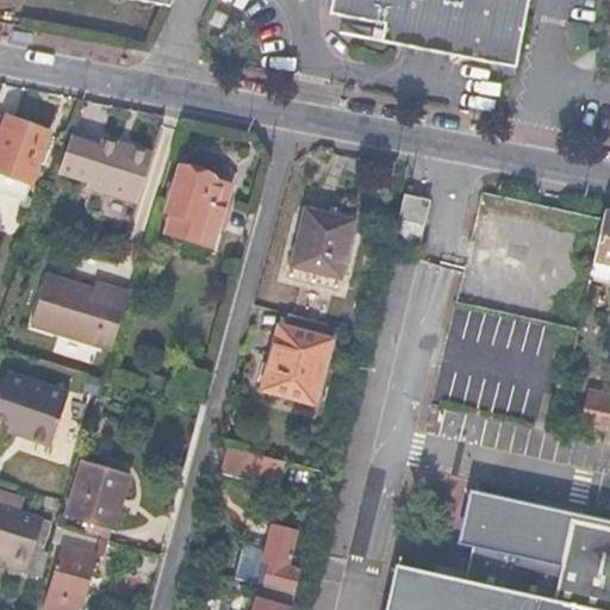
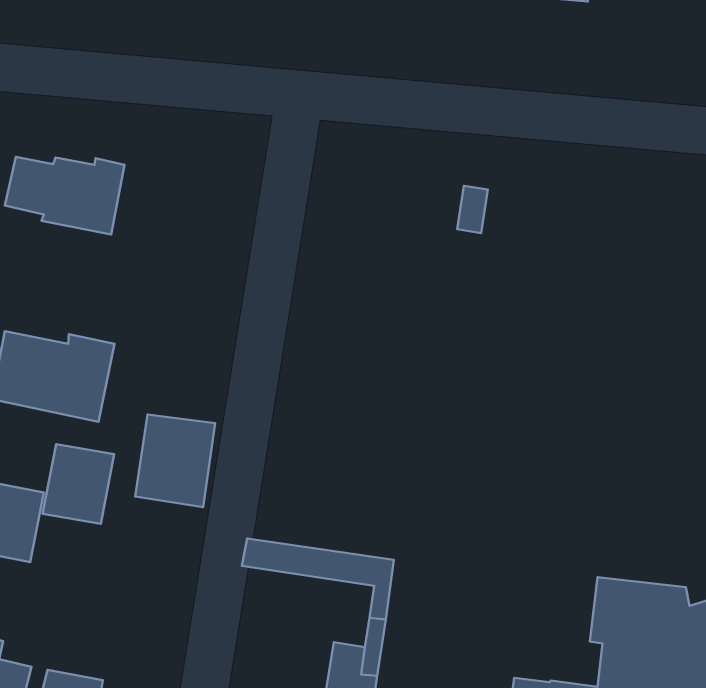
building: [168,164,230,248] -> none
building: [290,208,353,275] -> none
building: [261,325,326,399] -> [135,414,215,507]
building: [67,462,125,525] -> [43,444,114,524]

